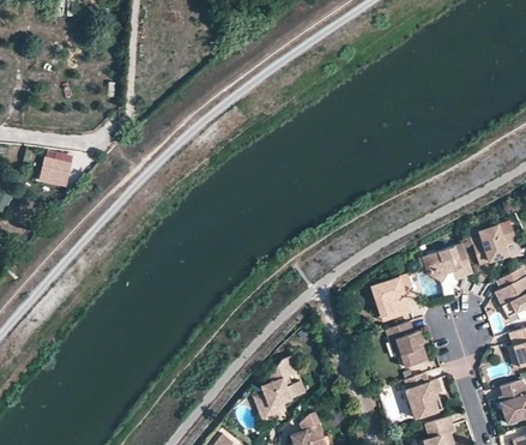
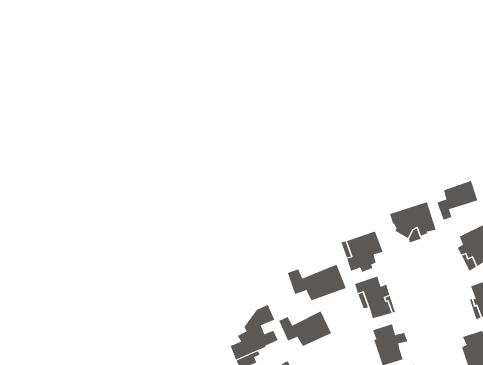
building: [41,155,71,186] -> none
building: none -> [287,264,346,301]
building: none -> [278,310,332,347]

